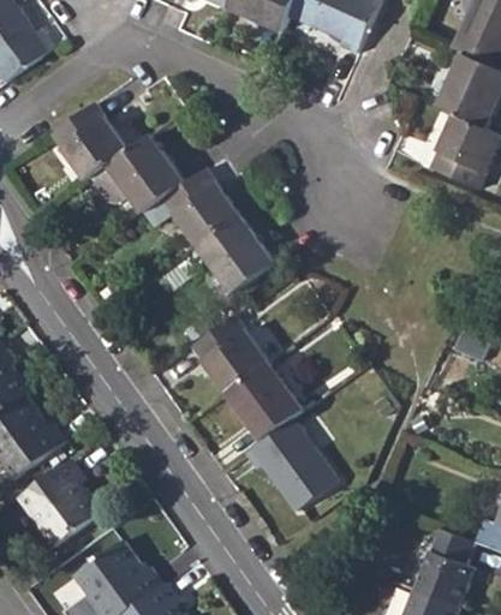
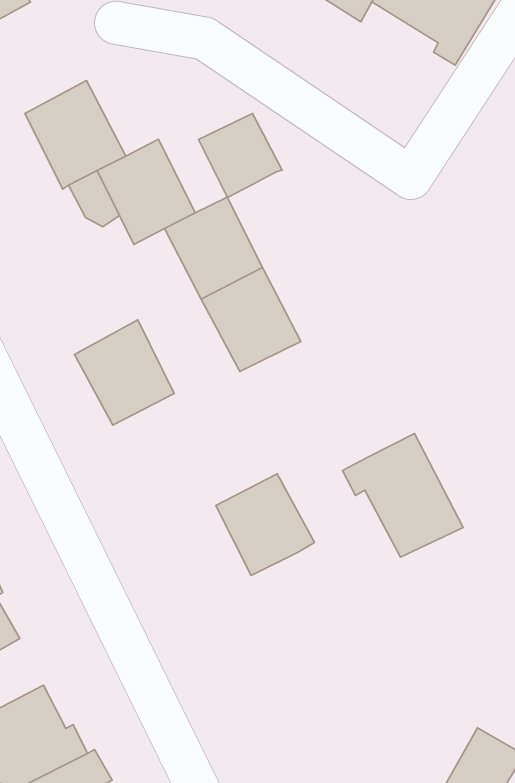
building: none -> [199,113,282,197]
building: [193,315,269,393] -> [74,320,174,425]
building: [244,418,336,508] -> [342,434,463,557]

